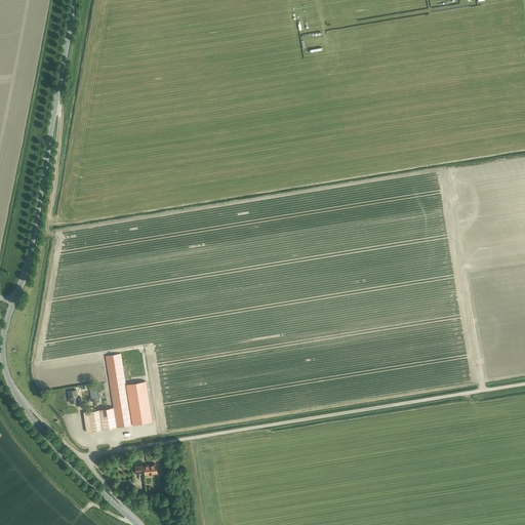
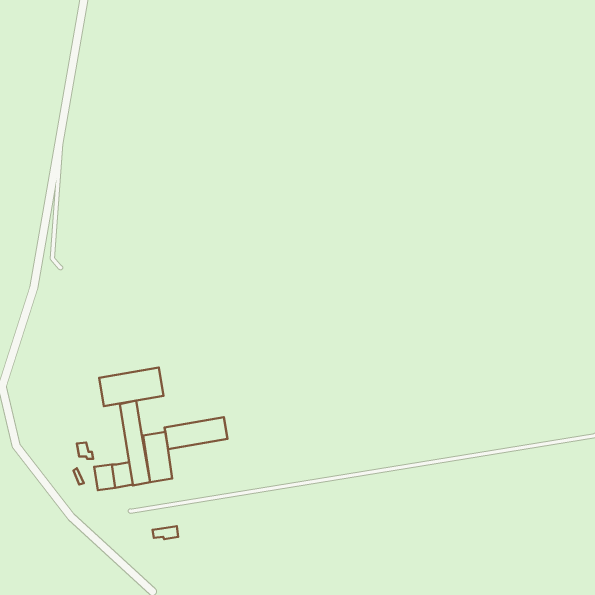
building: none -> [99,368,163,406]
building: none -> [165,417,227,449]

